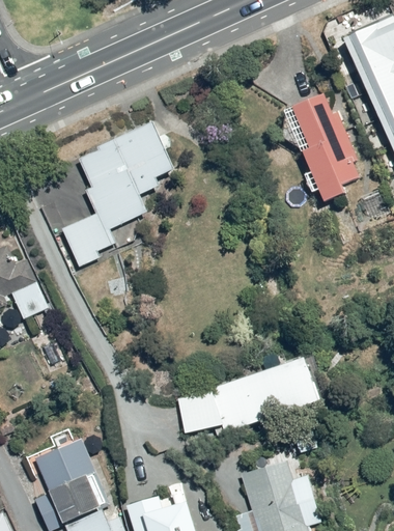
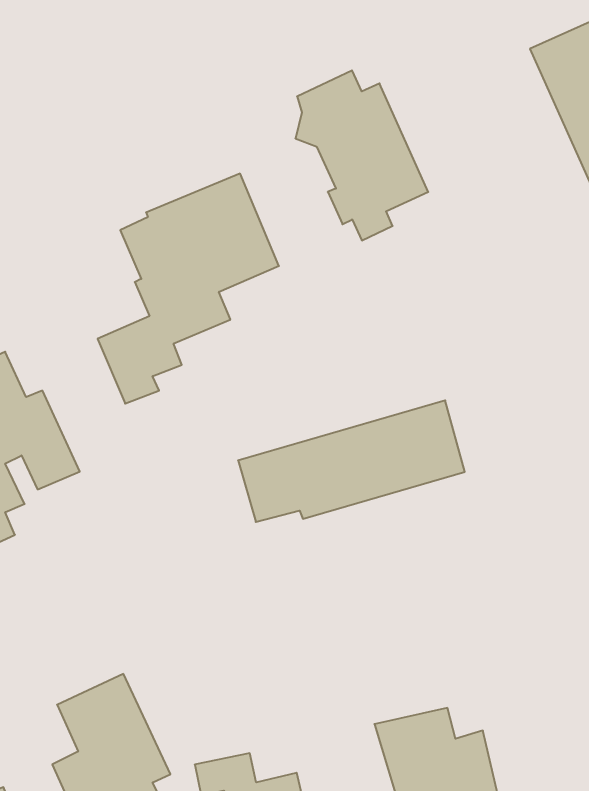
building: [285,94,370,203] -> [295,70,428,240]
building: [176,359,321,437] -> [238,400,465,522]

